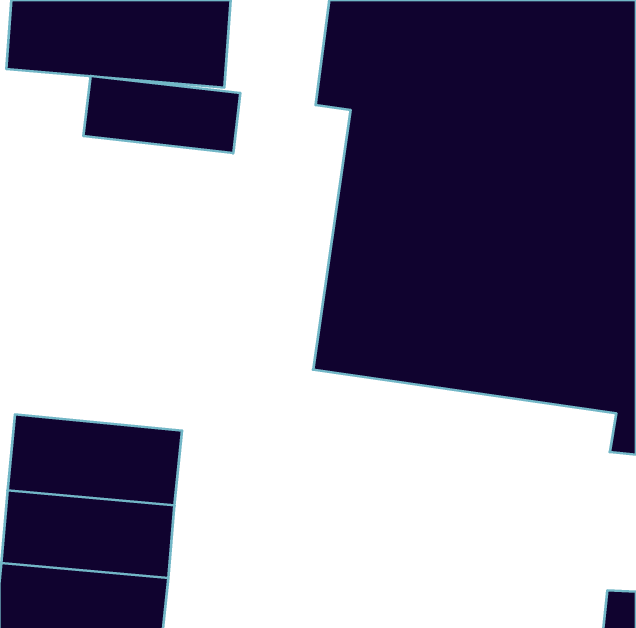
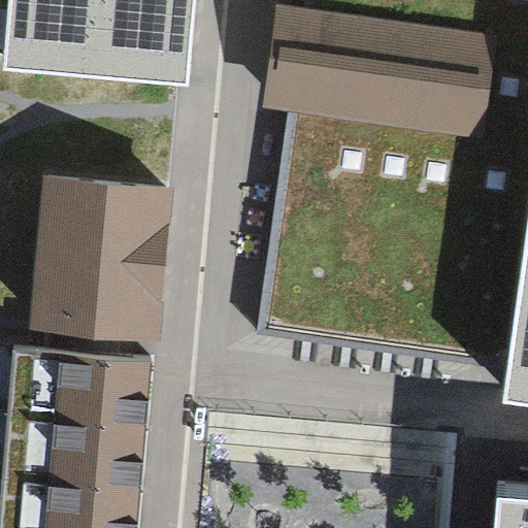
building: [84,76,240,153] -> none
building: none -> [32,183,174,350]

